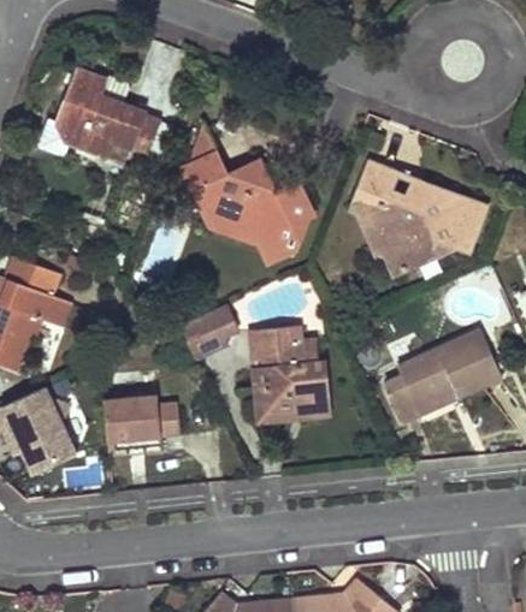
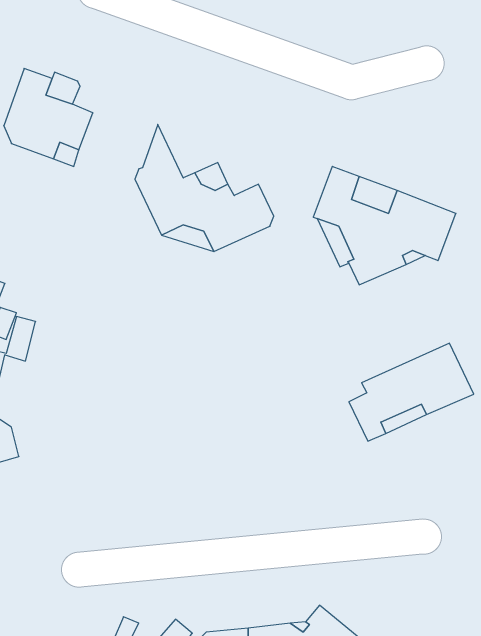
building: [179,305,238,358] -> none
building: [248,326,331,418] -> none
building: [104,396,179,442] -> none

